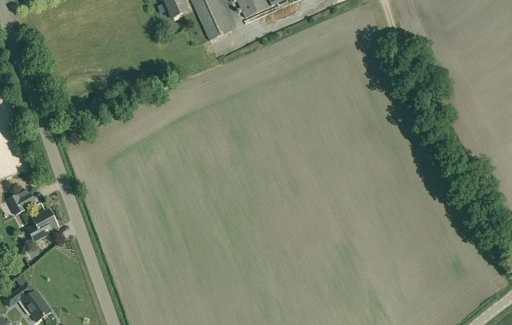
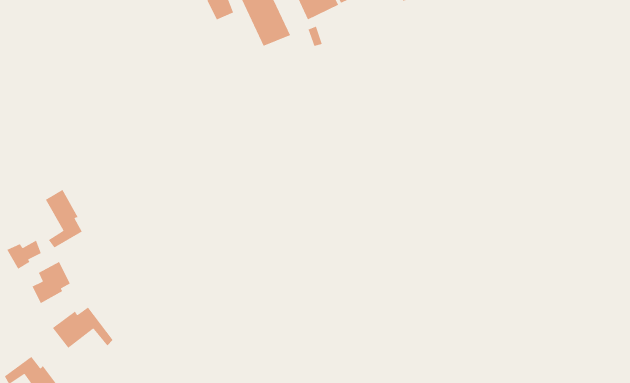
building: none -> [45,189,83,249]
building: none -> [52,307,114,349]

